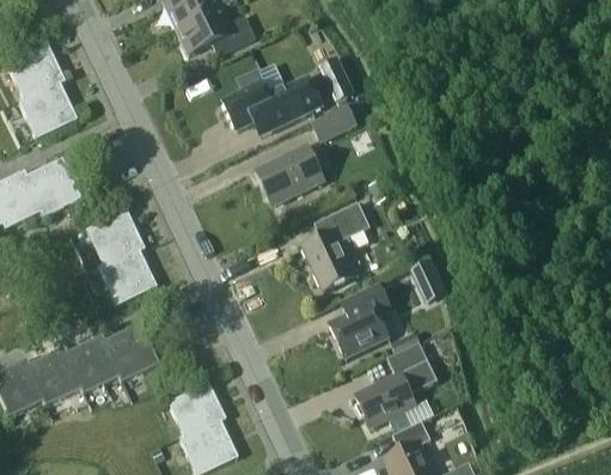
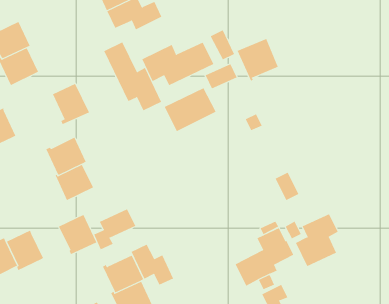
building: none -> [237,38,279,82]
building: none -> [104,42,162,111]
building: [25,158,79,218] -> [52,83,90,125]
building: [300,199,369,290] -> none
building: [329,281,391,358] -> [295,214,339,267]
building: none -> [94,208,136,250]
building: [65,334,118,391] -> none
building: none -> [131,244,174,286]

